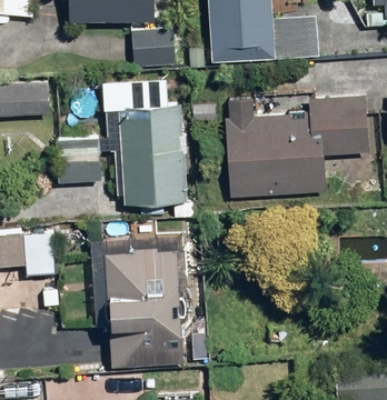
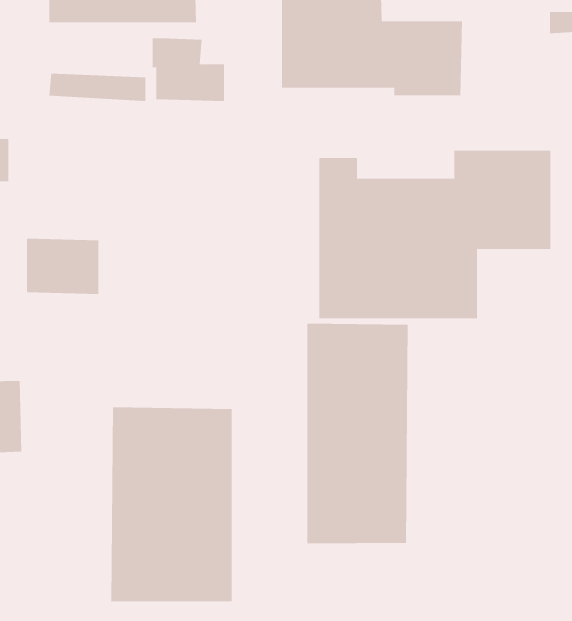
building: [105,101,180,200] -> none
building: none -> [307,323,408,544]

